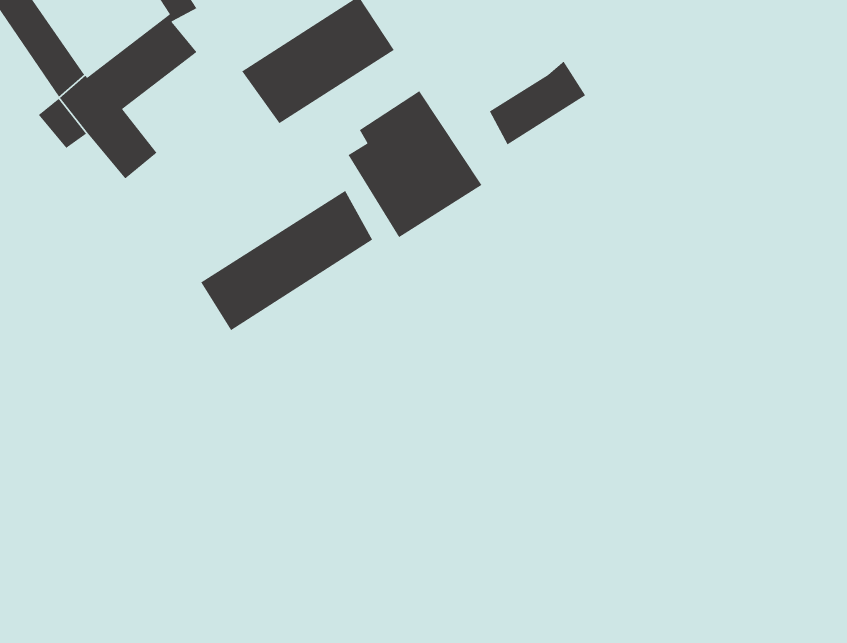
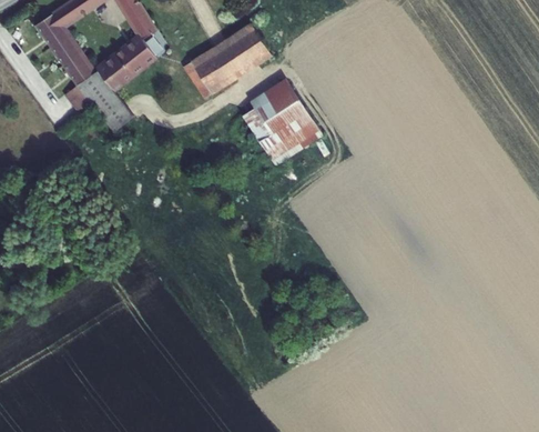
building: [489,60,586,146] -> none
building: [200,190,373,331] -> none

